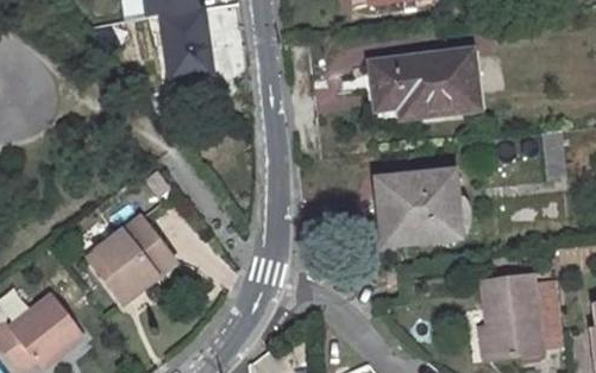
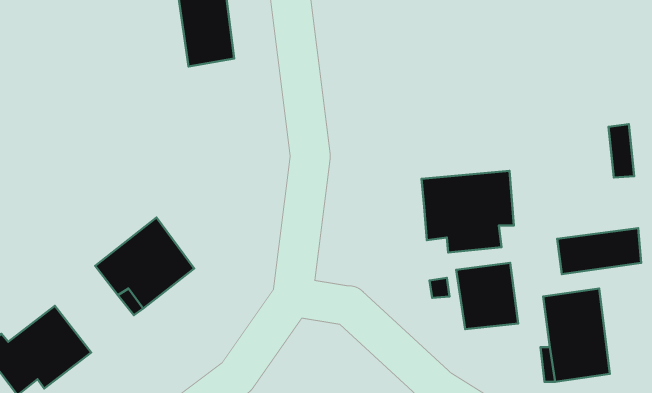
building: [369,49,478,118] -> none
building: none -> [557,228,641,274]
building: none -> [456,263,518,329]

